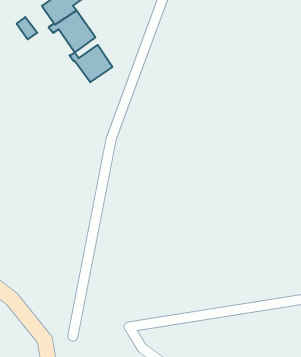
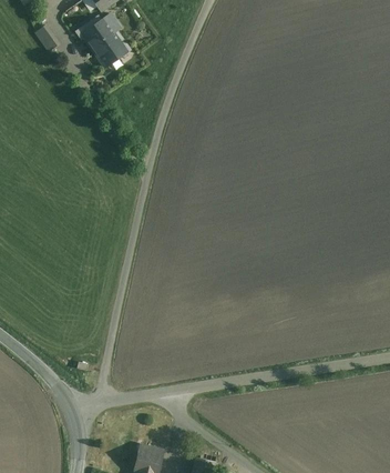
building: [69,45,112,82] -> none

